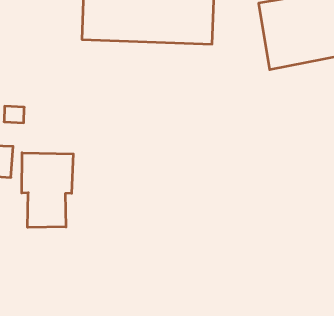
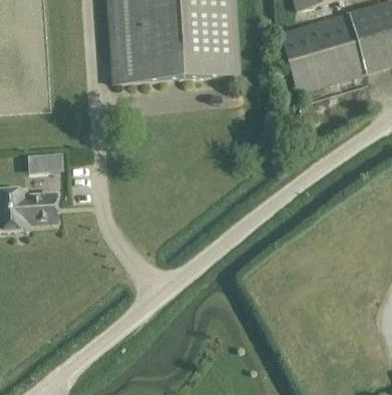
building: [22,153,73,227] -> none

